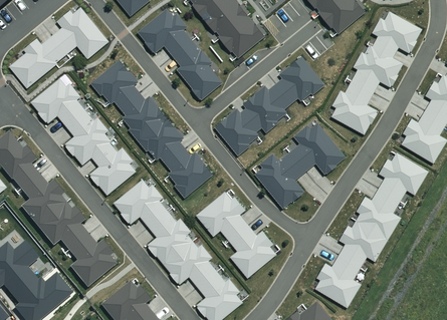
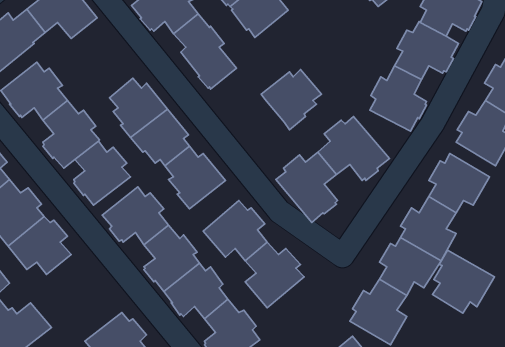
building: [274,56,324,104] -> none
building: [89,59,138,107] -> none
building: [214,108,261,155] -> none
building: none -> [433,250,495,313]
building: [67,235,115,288] -> none

